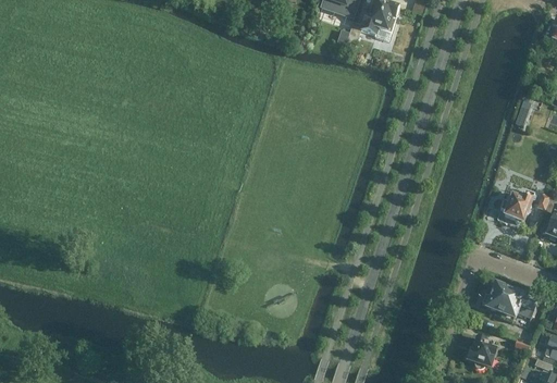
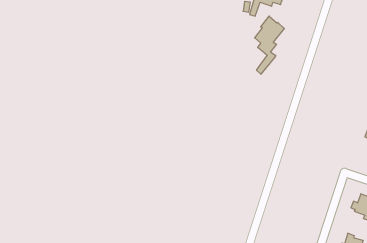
building: none -> [255,16,284,74]

